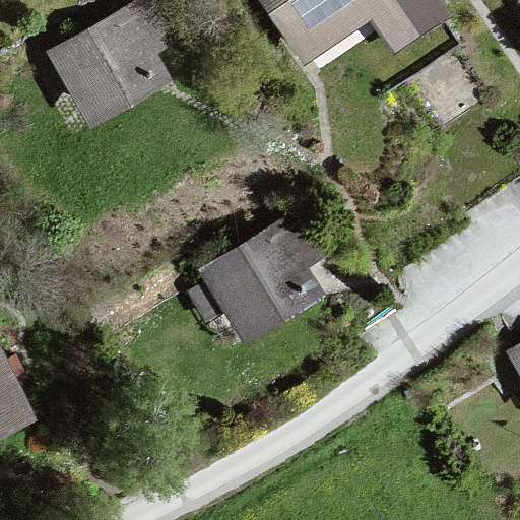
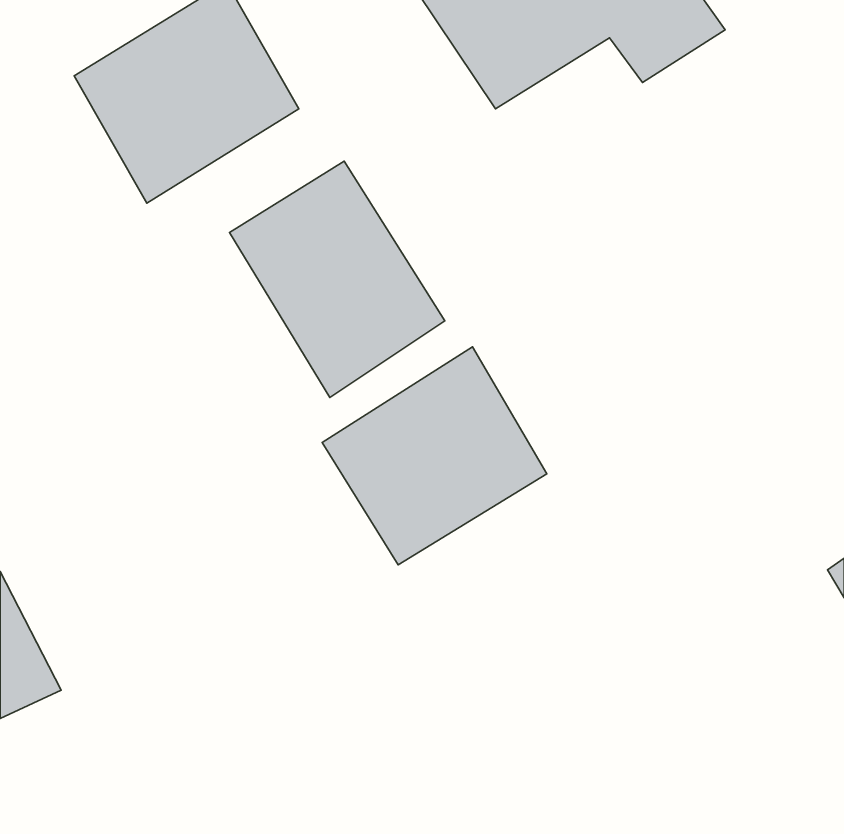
building: none -> [230,161,445,397]

